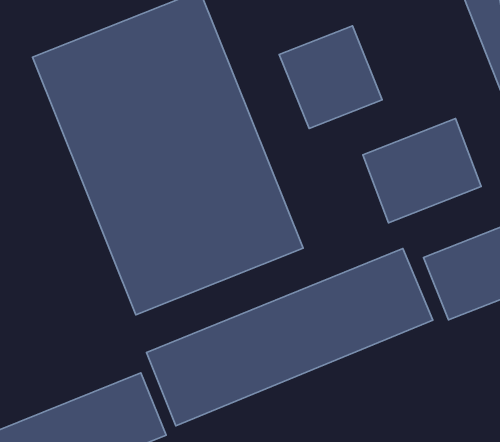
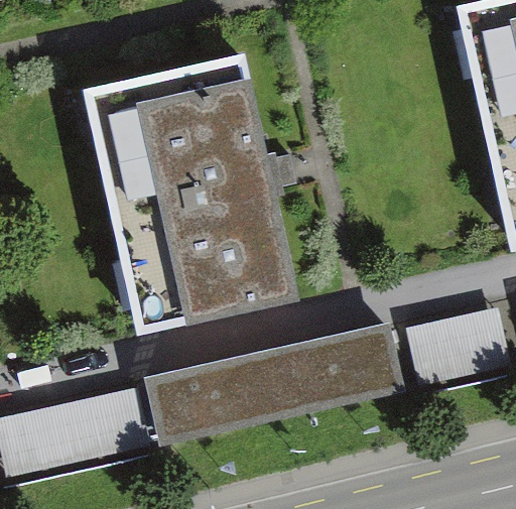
building: [279,26,382,129] -> none
building: [363,118,481,223] -> none

